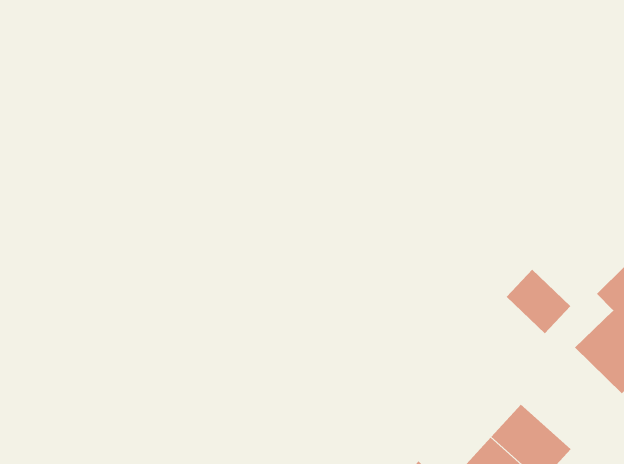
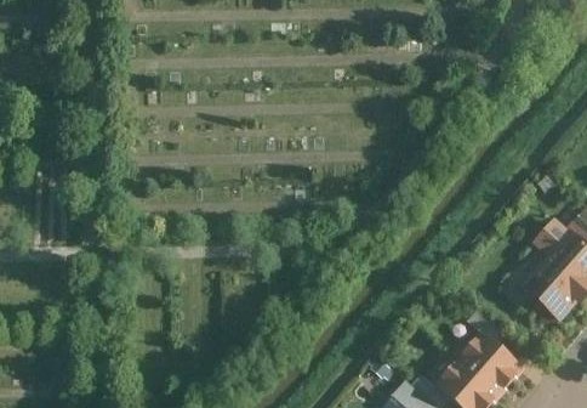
building: [506,269,571,334] -> none

